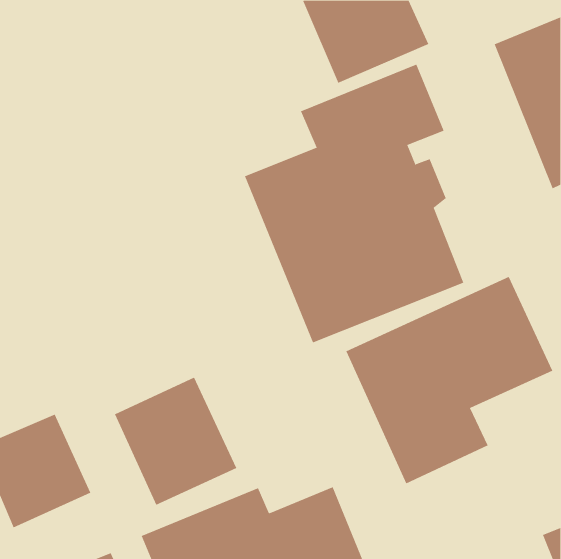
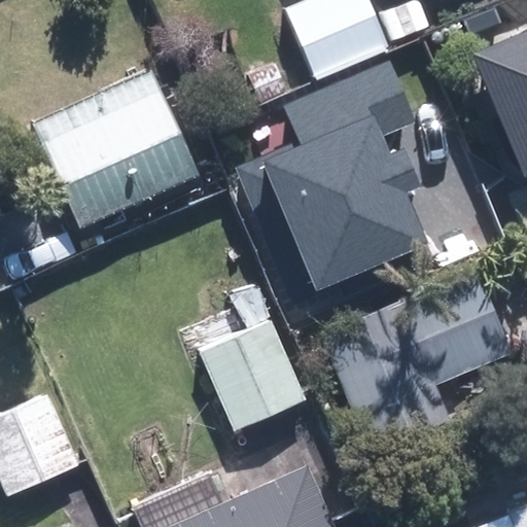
building: none -> [35,65,206,226]
building: [114,377,237,505] -> [199,312,314,432]

